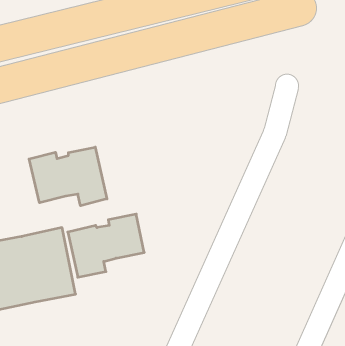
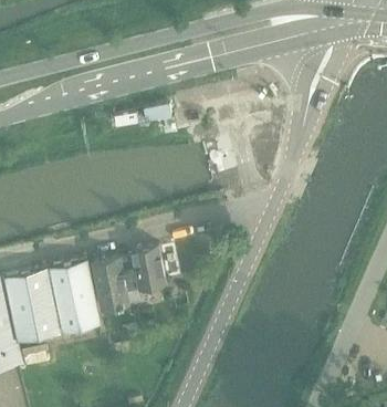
building: [29,147,107,206] -> none

